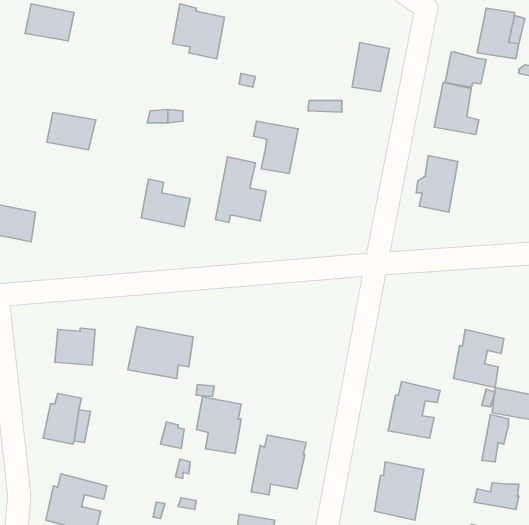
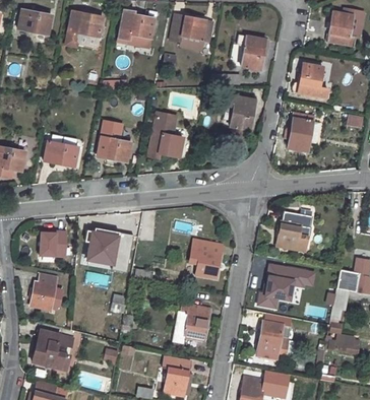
building: none -> [66,12,104,46]
building: none -> [172,14,212,41]
building: [445,52,486,87] -> none
building: [47,113,96,150] -> [45,140,78,165]
building: [254,121,298,173] -> [226,93,256,129]
building: [453,330,504,388] -> [278,210,312,250]
building: [196,397,241,453] -> [190,239,221,277]

